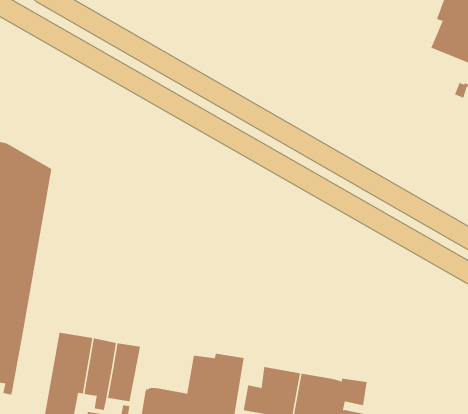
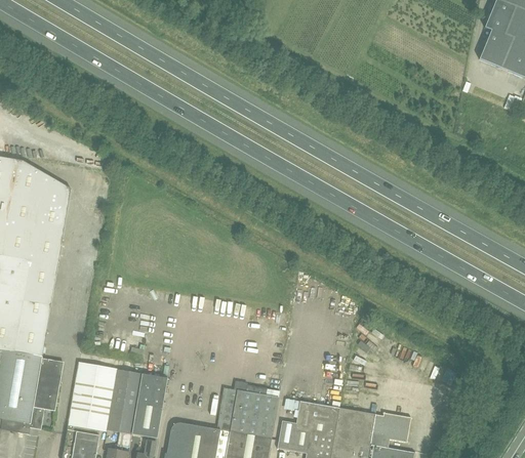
building: none -> [29,358,63,428]

